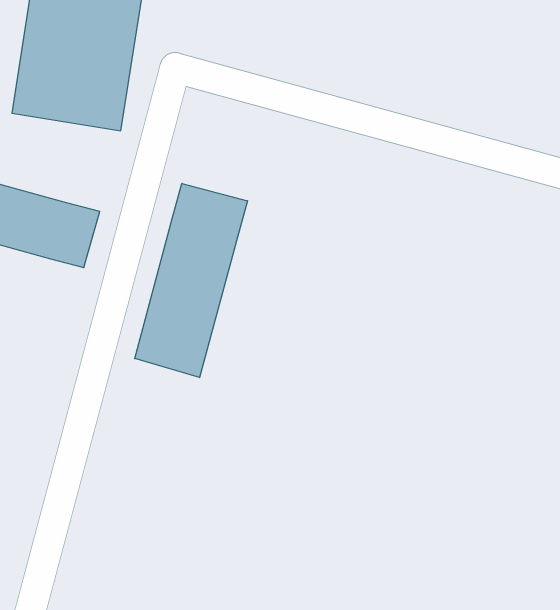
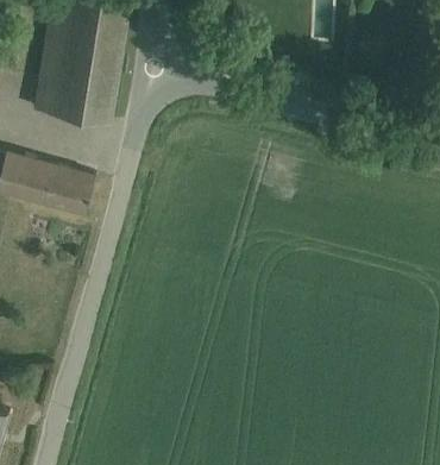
building: [135,183,248,378] -> none

